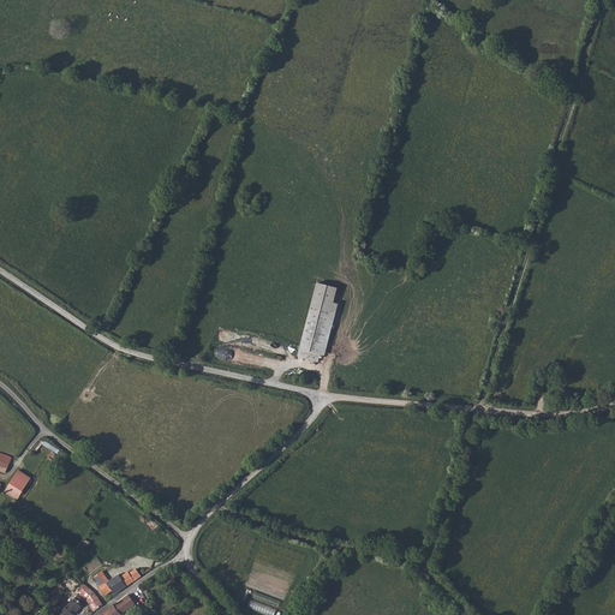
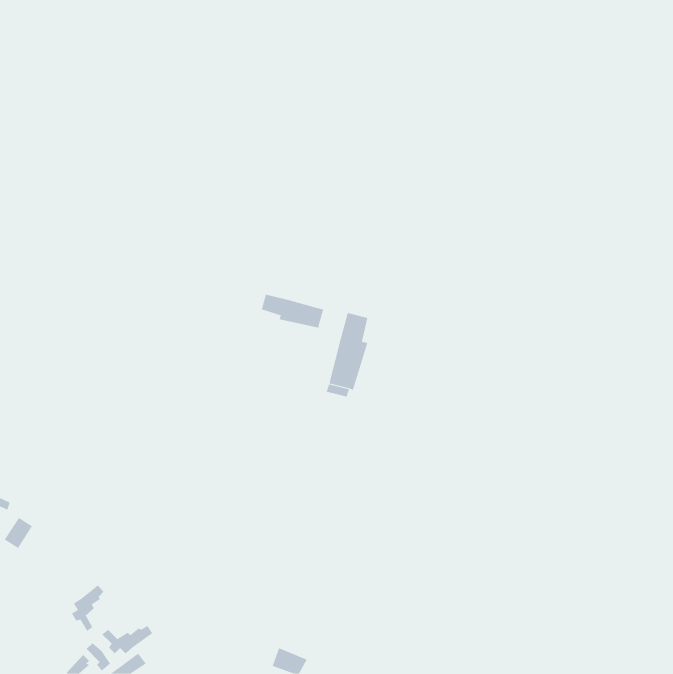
building: none -> [261,294,324,329]
building: none -> [71,584,104,632]

